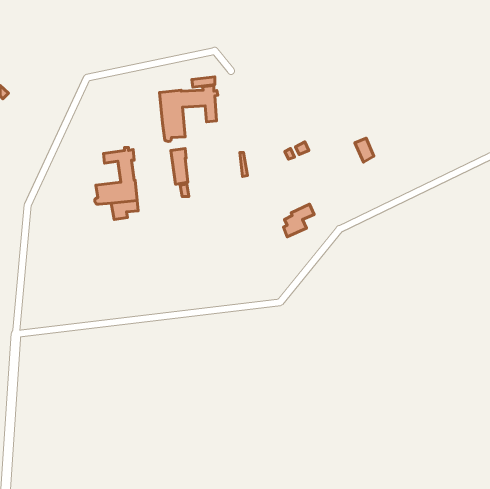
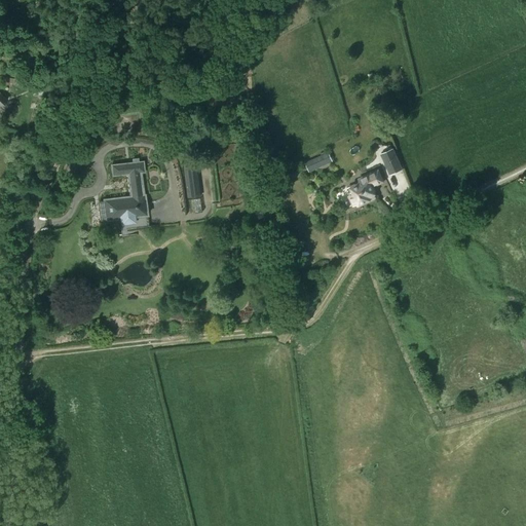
building: [159,86,218,142] -> none
building: [283,204,314,237] -> [349,170,382,204]

